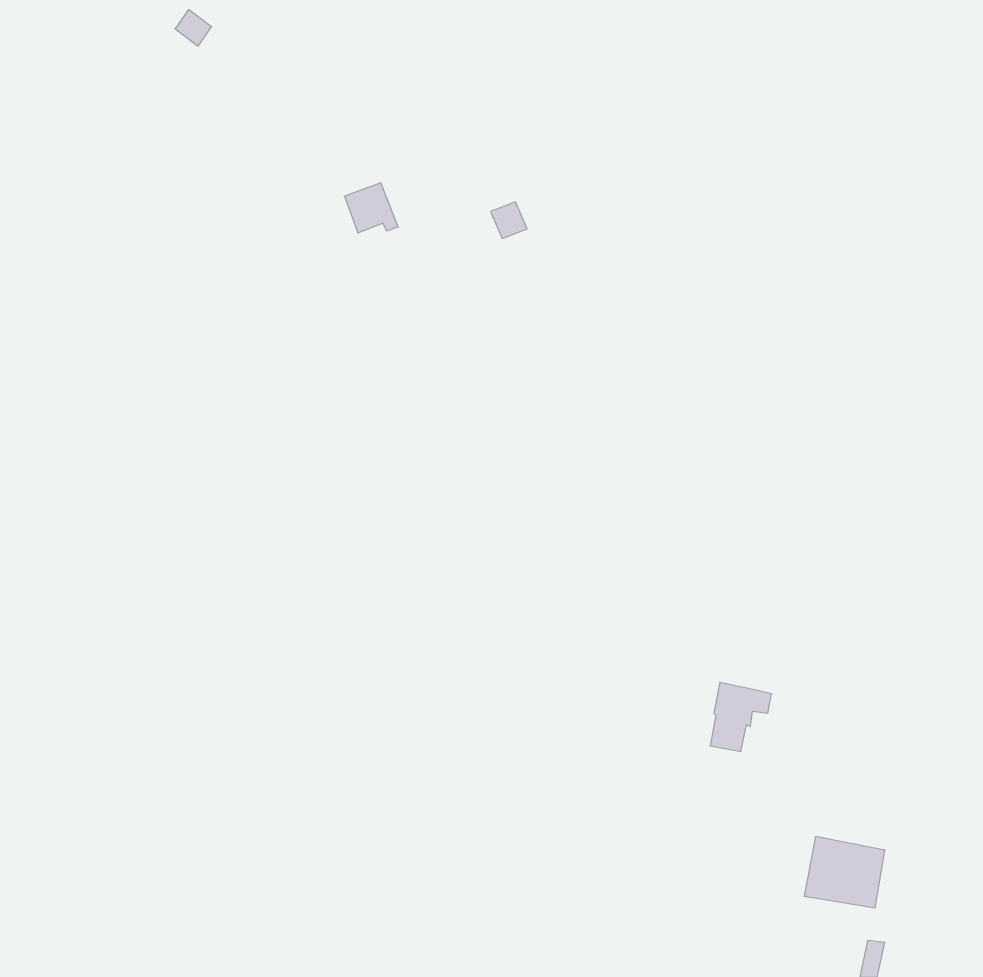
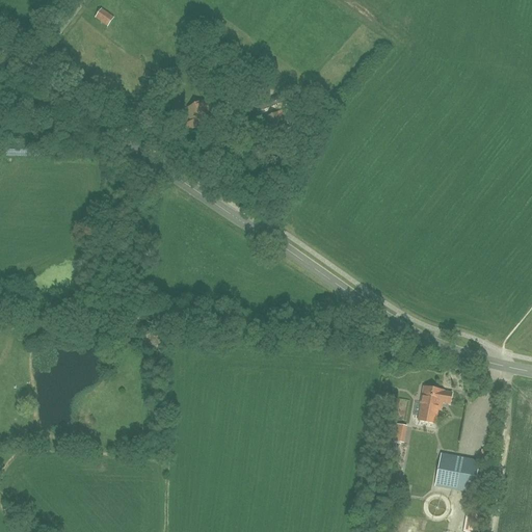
building: [710,682,772,752] -> [418,384,451,422]

